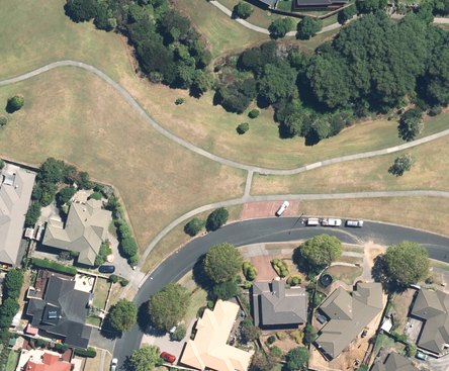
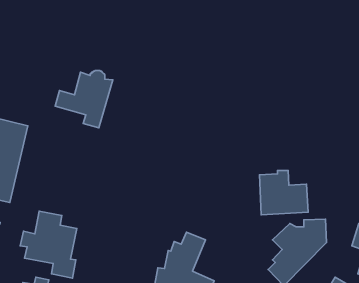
building: [44,198,111,265] -> [55,70,113,128]
building: [253,275,309,327] -> [259,170,308,215]

